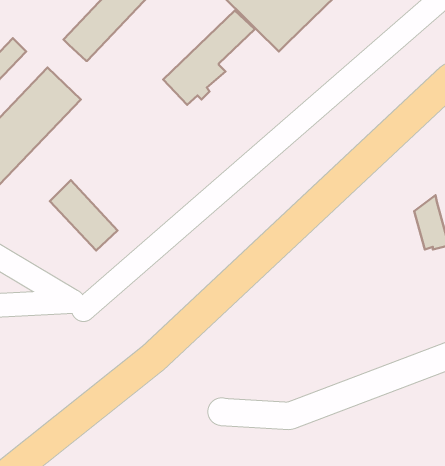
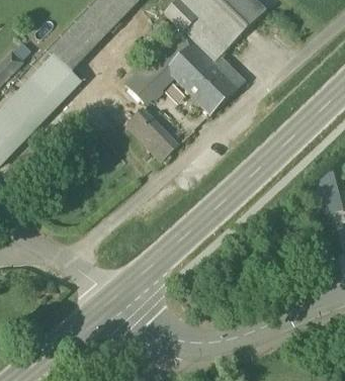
building: none -> [168,43,245,113]
building: none -> [37,56,80,97]
building: [50,180,118,250] -> [125,106,177,160]

